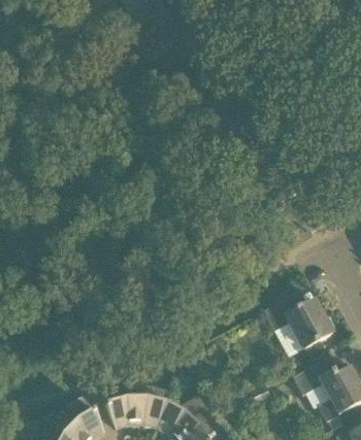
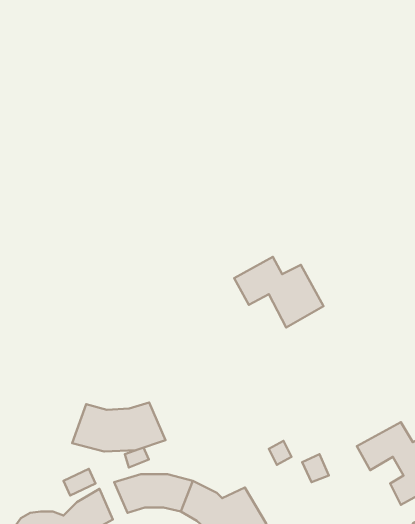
building: [263,293,332,347] -> [234,257,323,328]
building: none -> [72,403,165,452]

